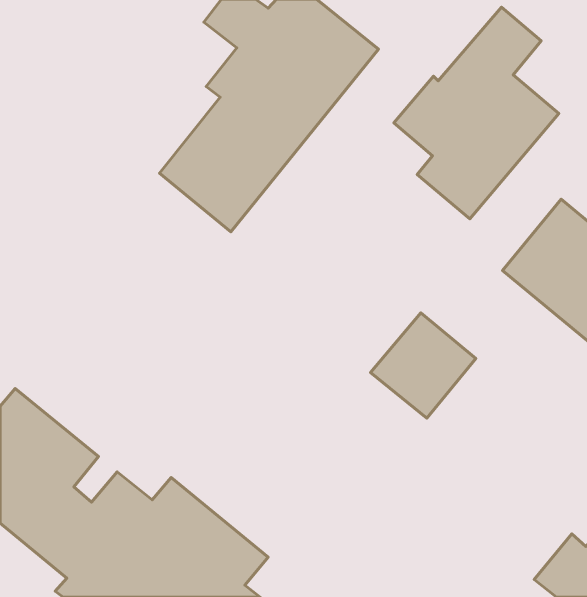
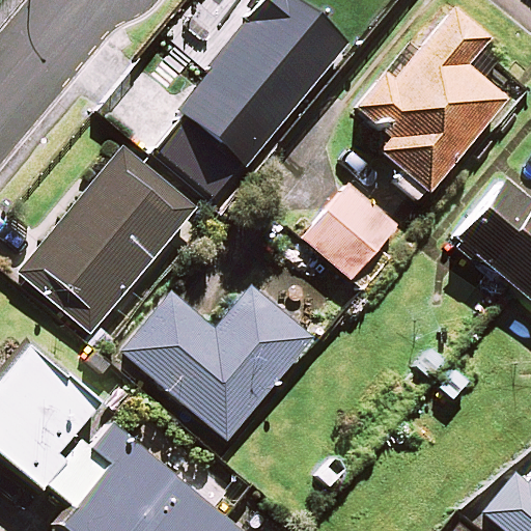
building: none -> [21,149,195,333]
building: [370,313,476,418] -> [304,186,397,279]
building: none -> [122,286,312,440]

